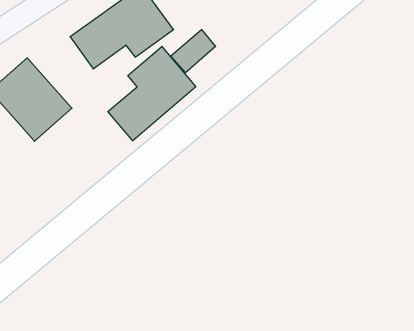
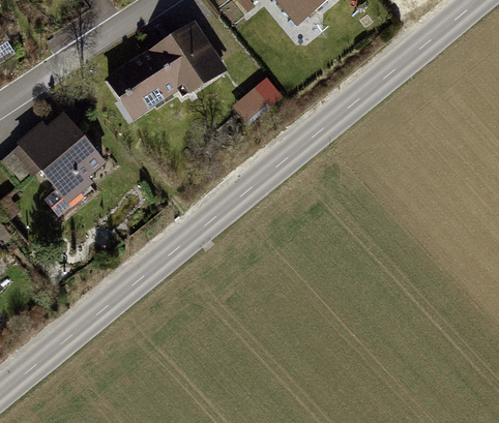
building: [108,46,196,141] -> none

